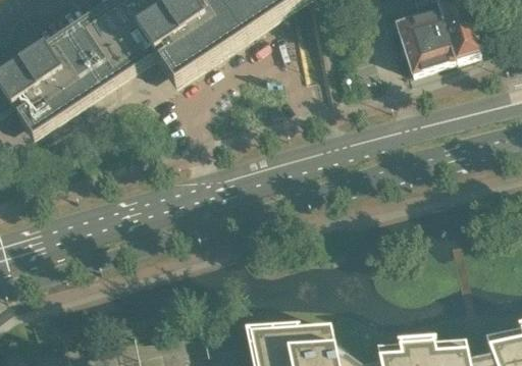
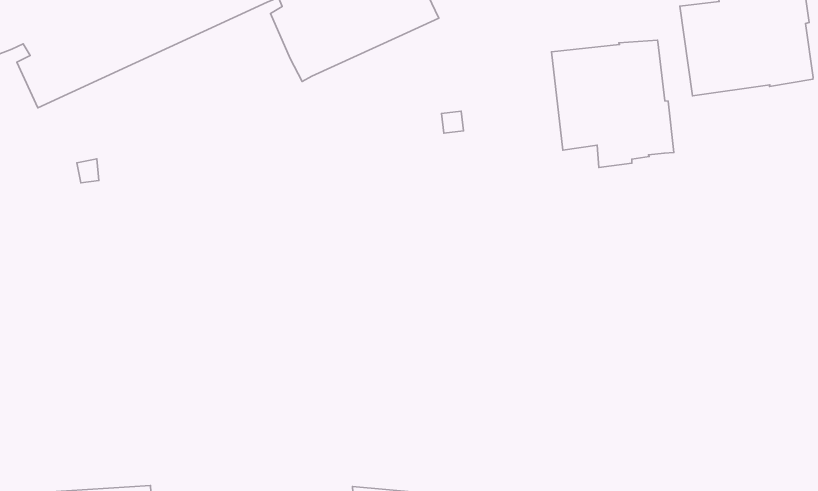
building: none -> [551,40,674,167]

